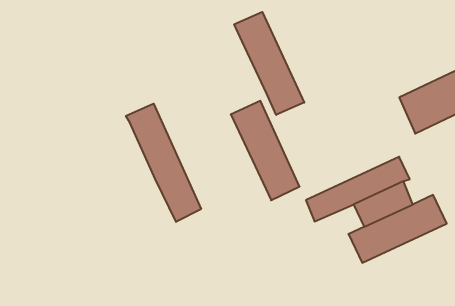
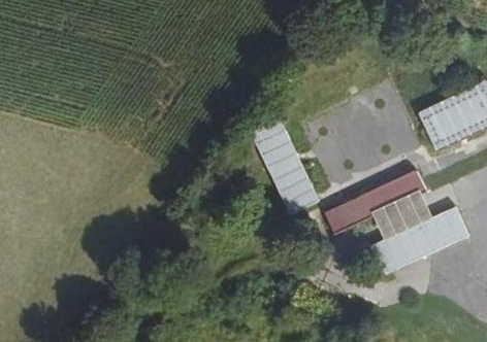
building: [234,12,304,115] -> none
building: [126,104,201,222] -> none

